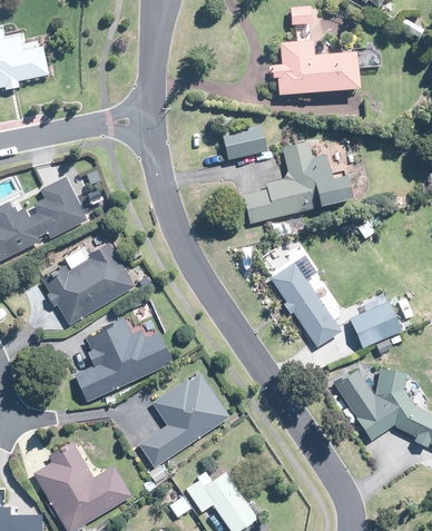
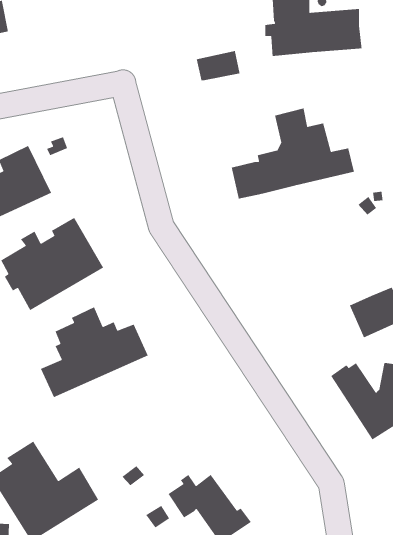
building: [225,128,265,156] -> [196,50,240,81]
building: [273,263,344,348] -> none
building: [137,372,227,466] -> none

